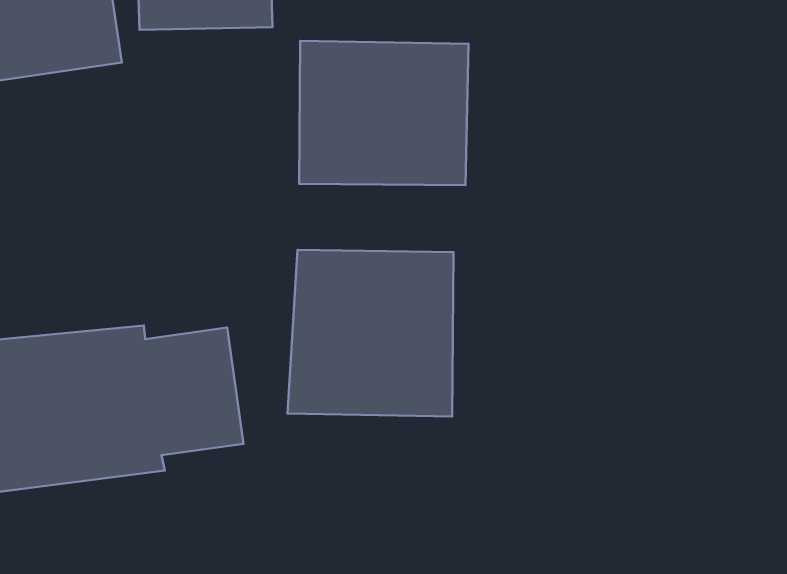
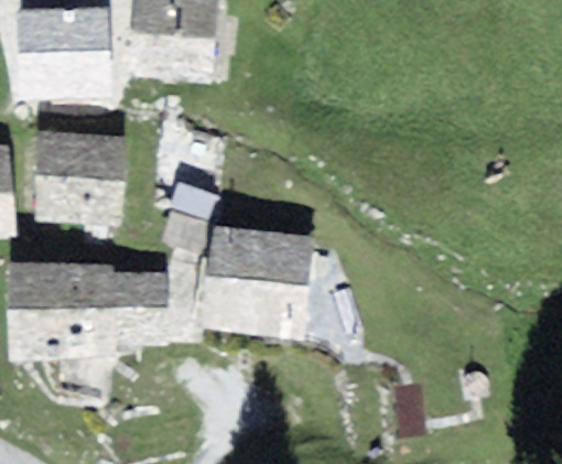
building: [299,41,469,185] -> none
building: none -> [33,132,125,224]

